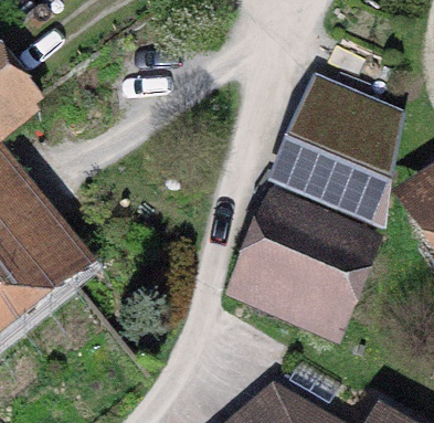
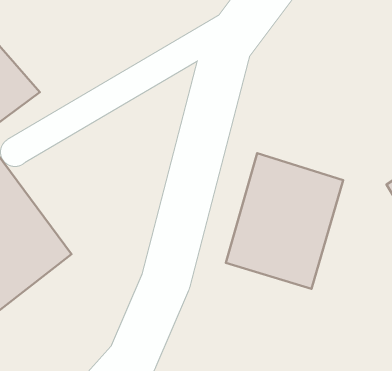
building: [280,41,383,189] -> none

